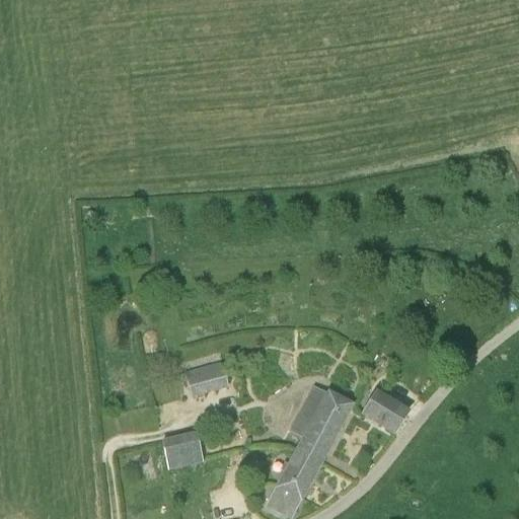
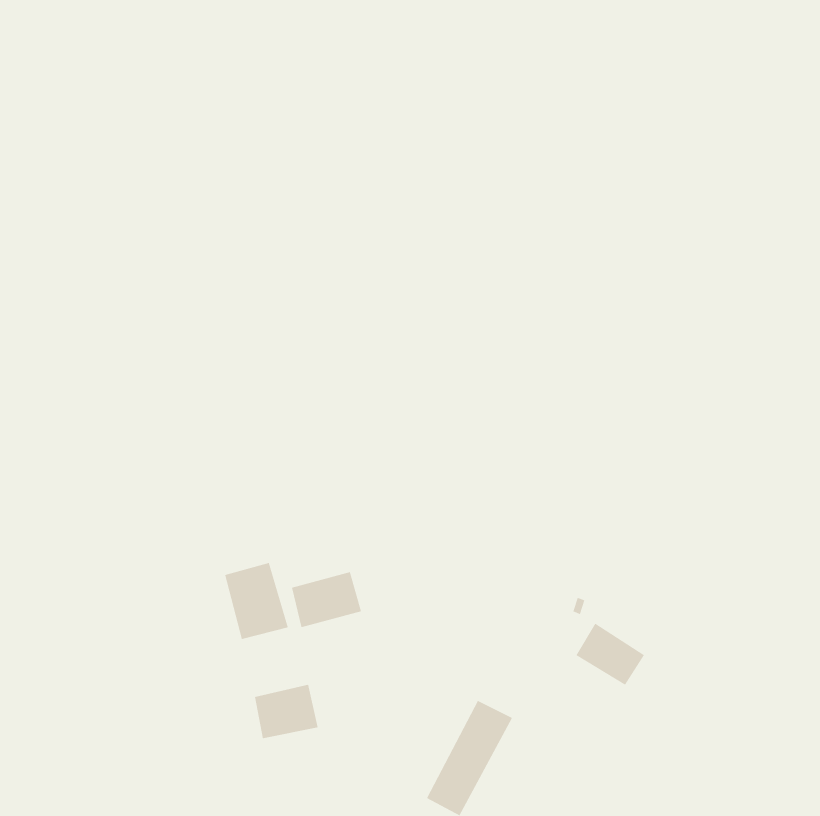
building: none -> [224,562,288,640]
building: [291,384,351,452] -> none

